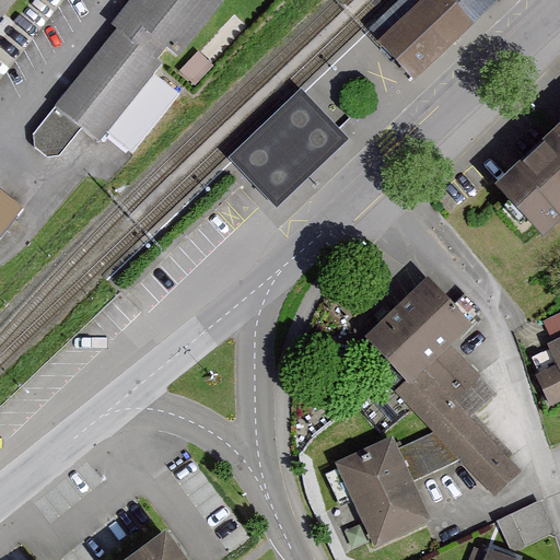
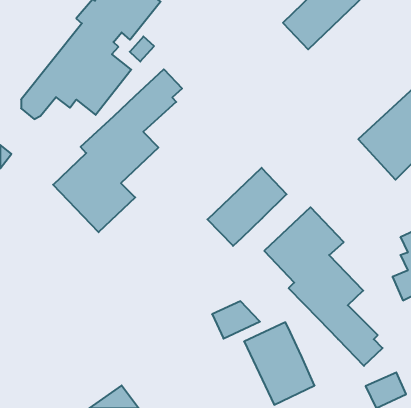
building: [236,84,352,199] -> none
building: none -> [53,69,182,232]
building: none -> [207,168,287,246]
building: [396,431,460,481] -> [212,301,260,339]

